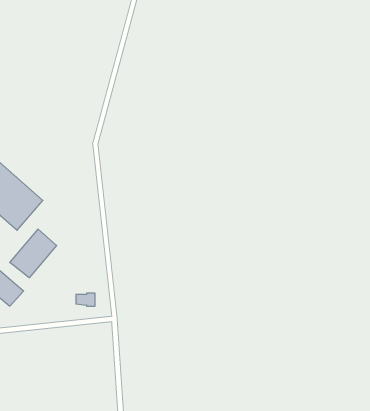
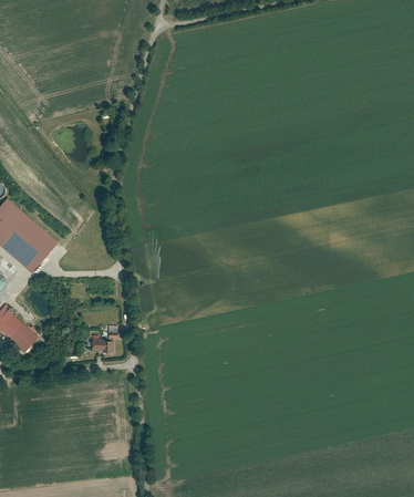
building: [10,229,57,278] -> none

